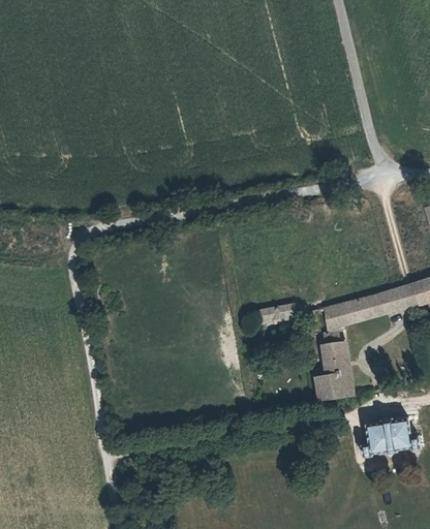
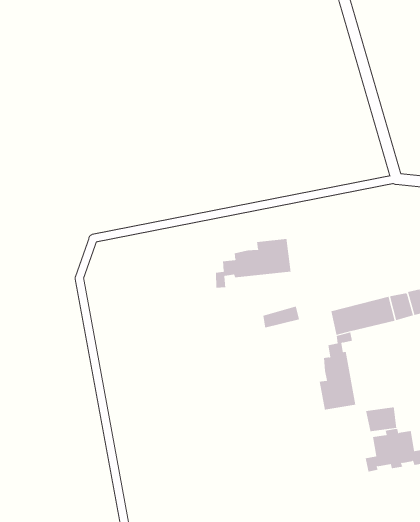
building: none -> [216,238,291,289]
building: none -> [365,406,397,432]

